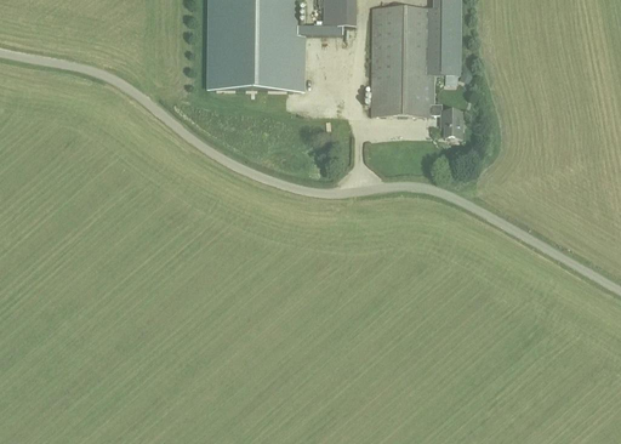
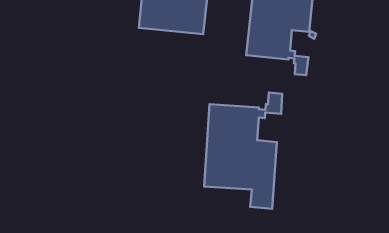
building: none -> [204,93,282,209]

